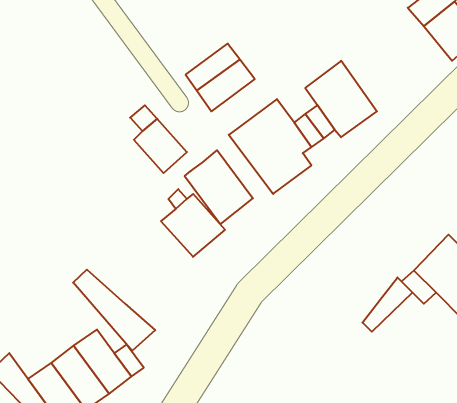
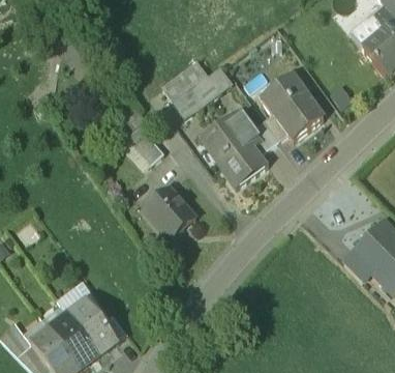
building: [185,150,253,224] -> none
building: [73,270,155,351] -> none
building: [362,277,413,332] -> none

